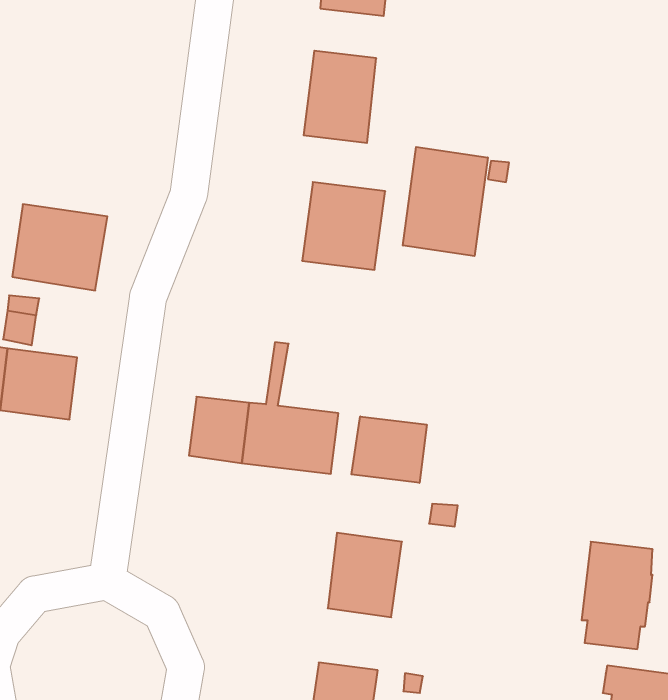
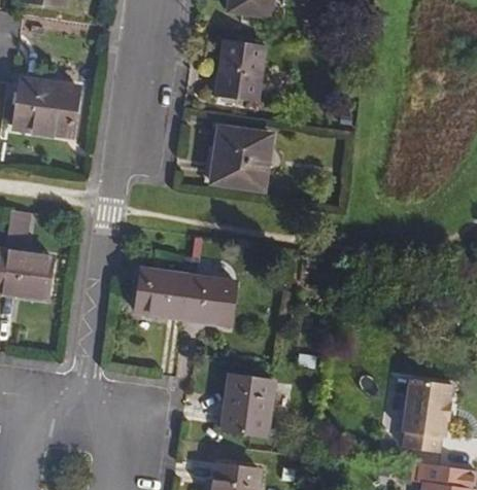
building: [403,147,488,256] -> none
building: [12,204,107,290] -> [9,83,74,142]
building: [351,416,427,483] -> none

